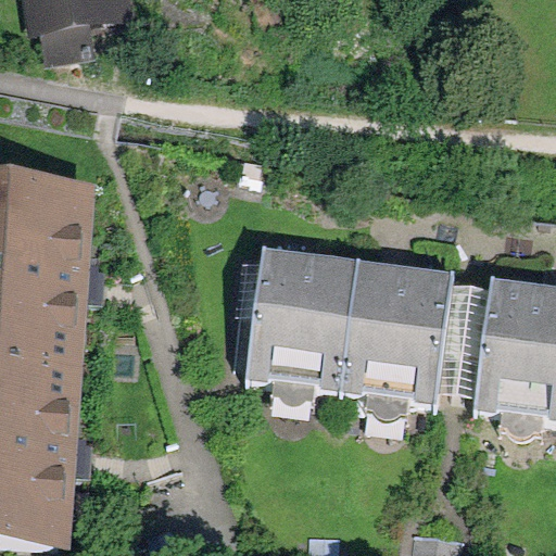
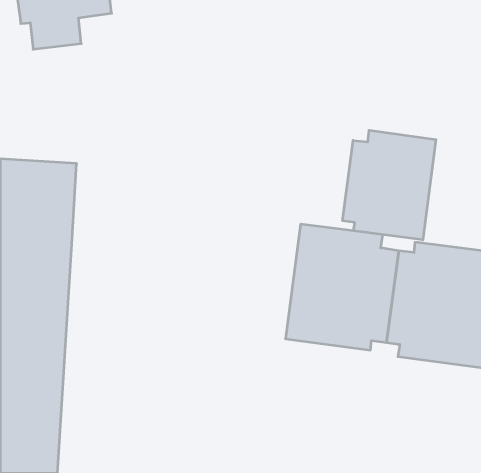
building: none -> [343,130,436,240]
building: [220,244,348,389] -> none

